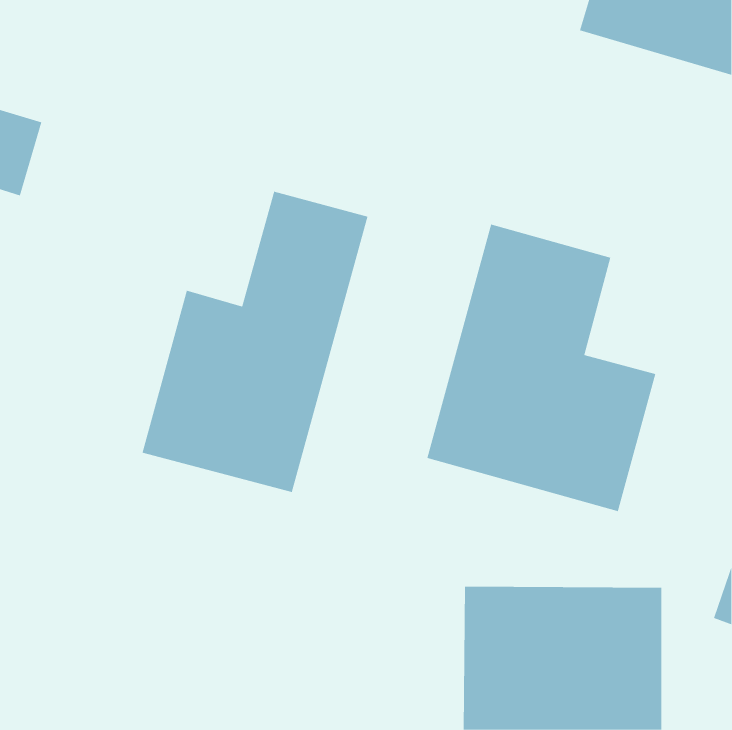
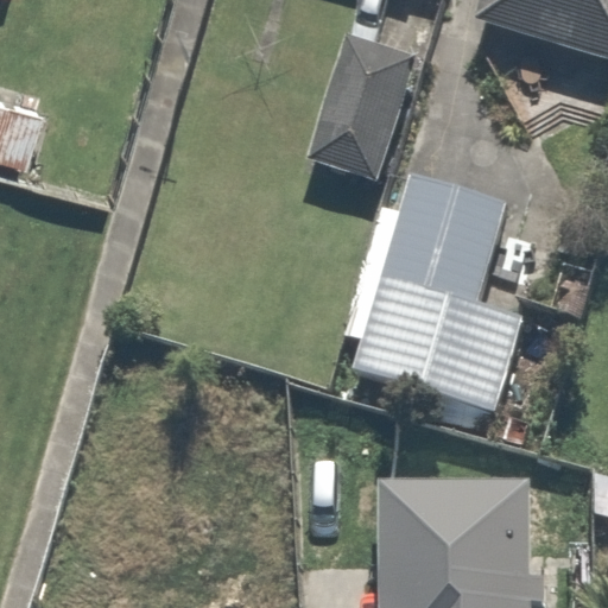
building: none -> [308,21,424,183]
building: [142,191,368,493] -> none

